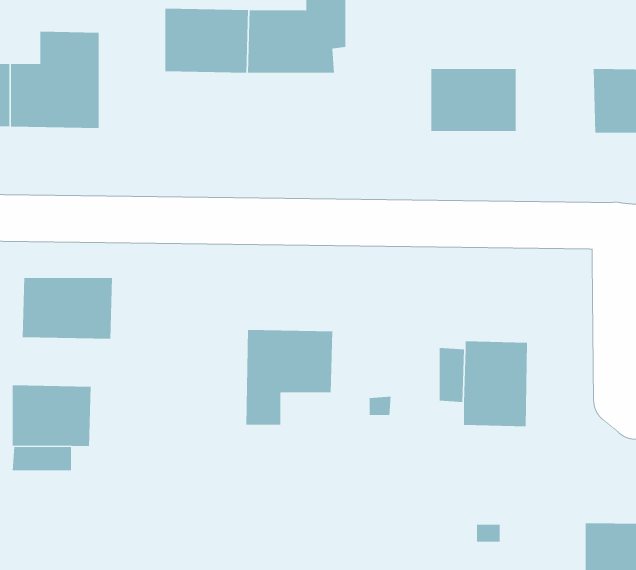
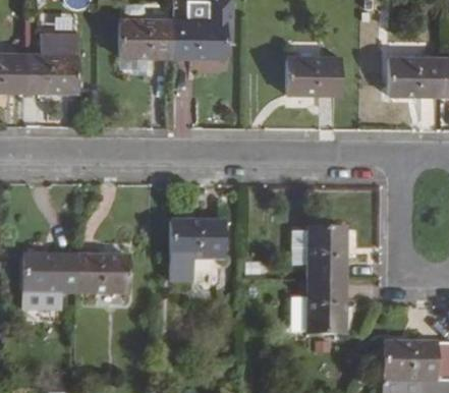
building: [22,278,113,339] -> [71,256,128,294]
building: none -> [305,280,345,335]

